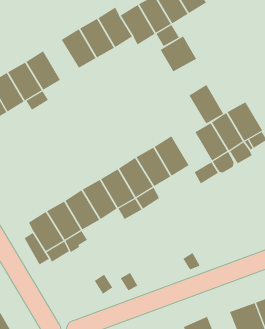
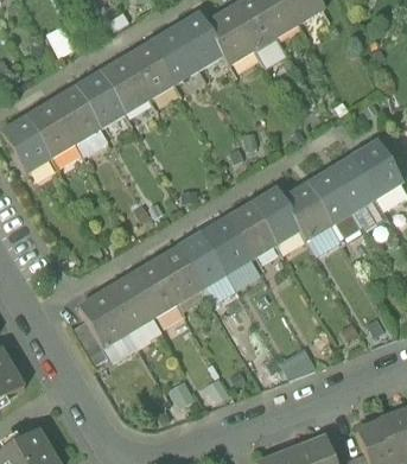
building: [160,35,197,72] -> none
building: none -> [100,56,147,110]
building: [188,84,224,124] -> [281,182,330,236]

